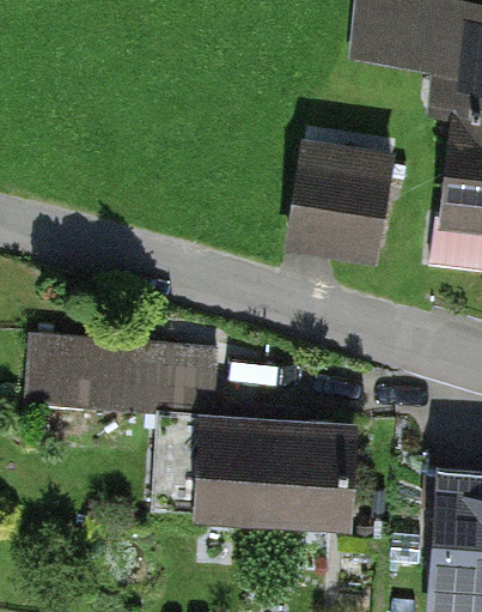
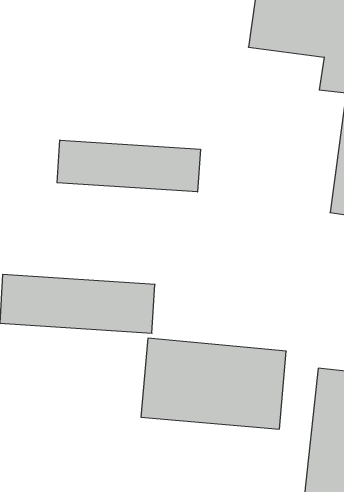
building: [295,129,415,259] -> none
building: none -> [57,140,200,192]

